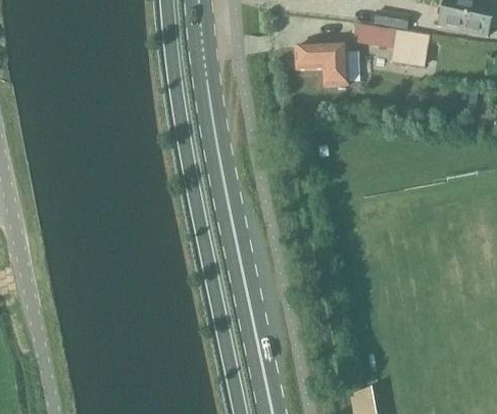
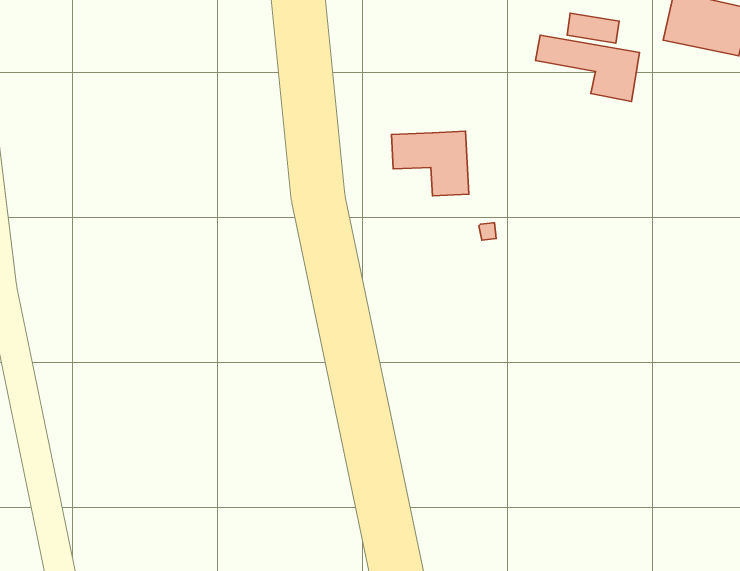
building: [298,45,348,87] -> [392,131,469,196]

